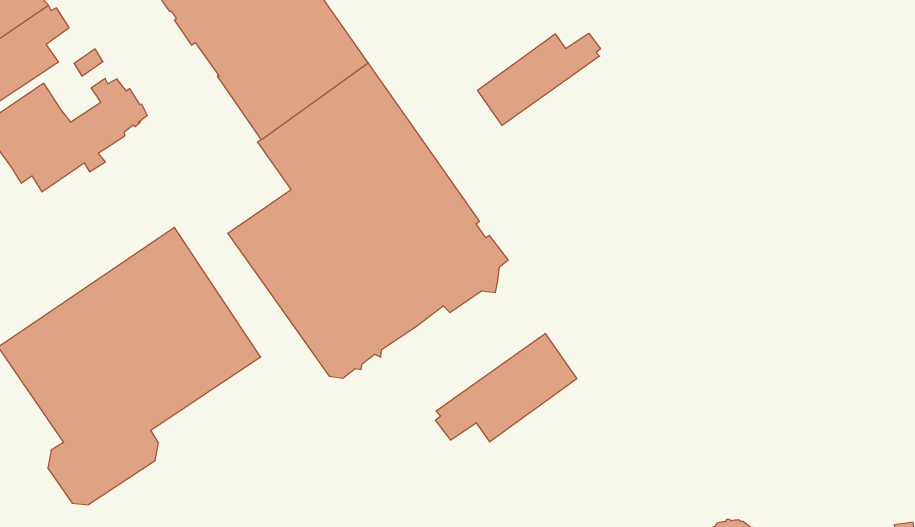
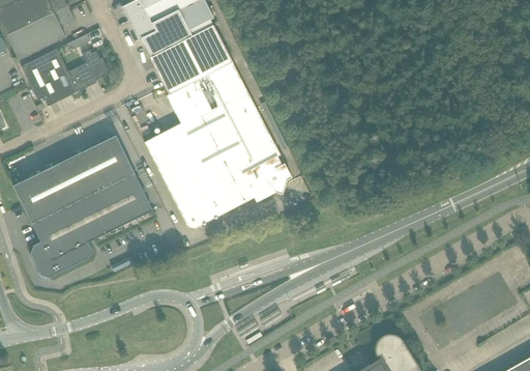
building: [478,33,600,125] -> none
building: [436,333,577,442] -> none

